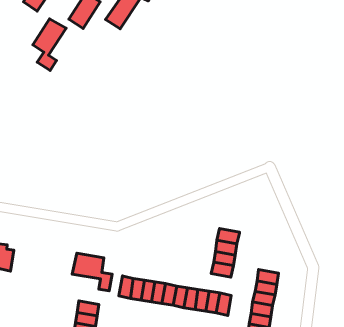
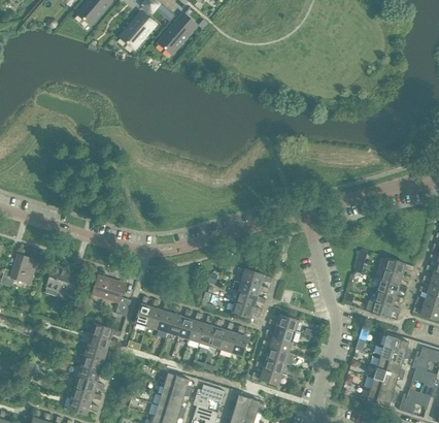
building: [33,19,66,70] -> none
building: none -> [44,265,79,297]

